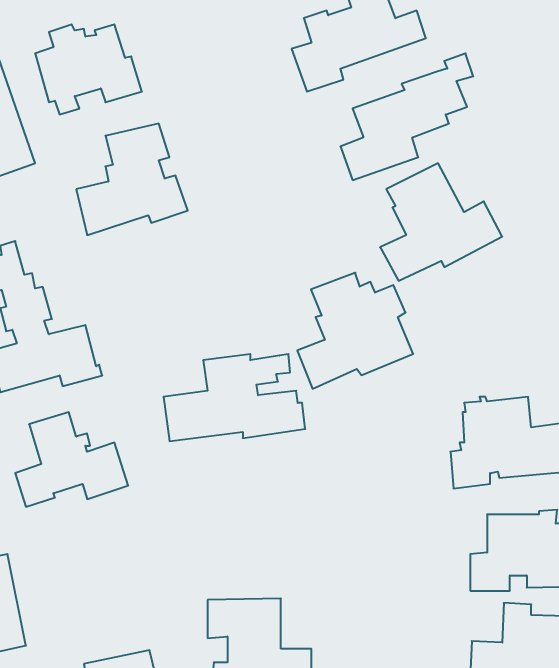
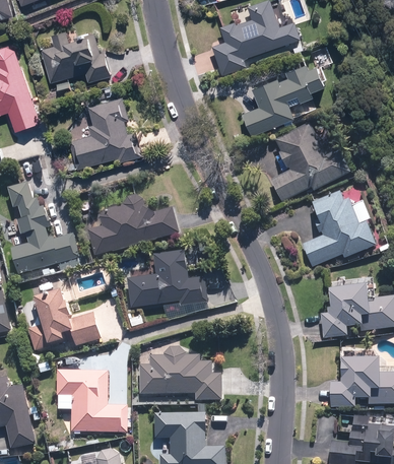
building: none -> [86,195,179,255]
building: [297,273,413,389] -> [301,191,378,268]
building: none -> [139,346,220,400]
building: none -> [56,370,125,434]

